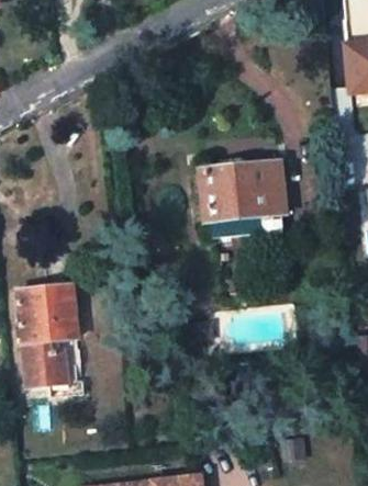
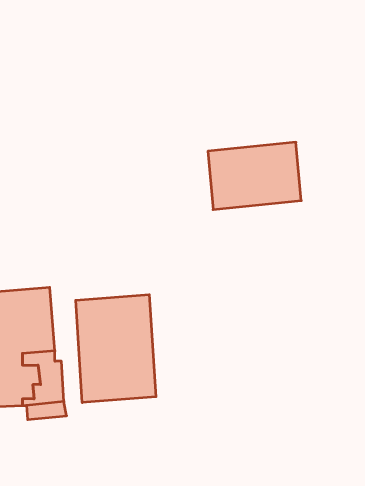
building: none -> [76,295,156,403]

